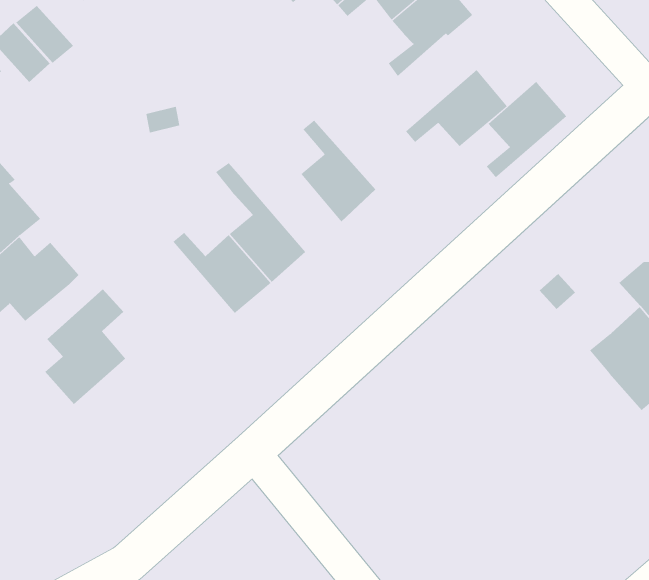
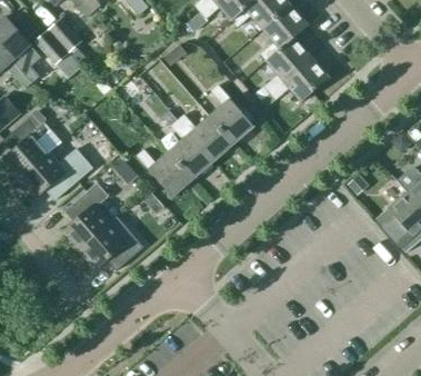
building: [486,81,567,178] -> [265,37,312,92]
building: none -> [179,115,234,161]
building: none -> [81,222,141,271]

